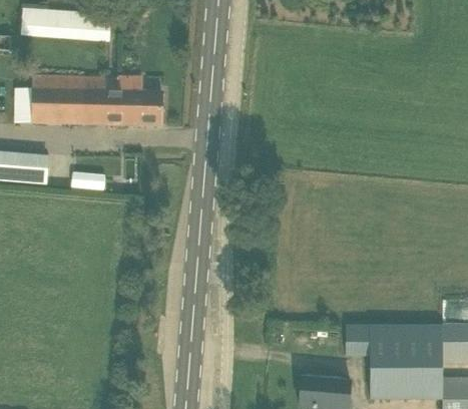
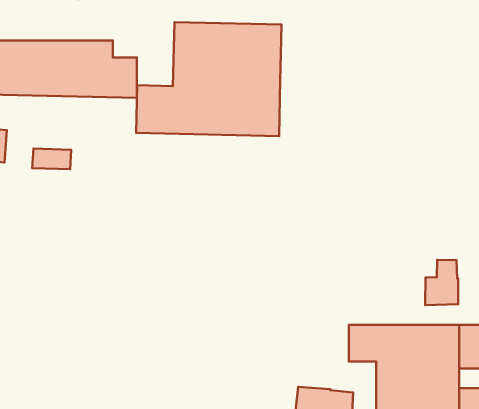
building: none -> [136,22,282,136]
building: none -> [425,260,458,305]

